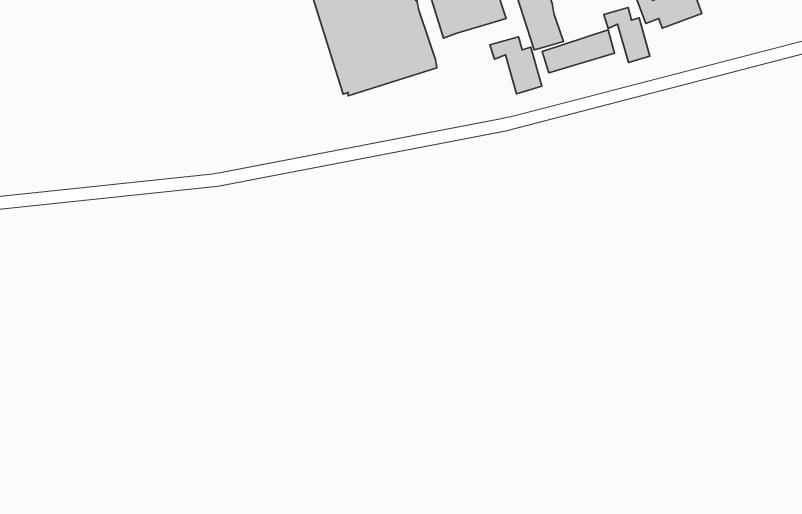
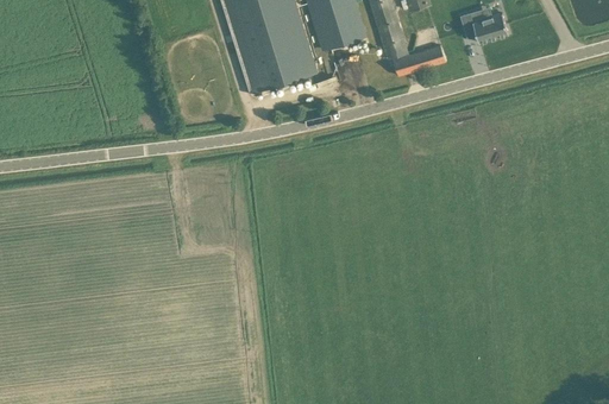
building: [604,8,650,63] -> none
building: [490,37,542,94] -> none

